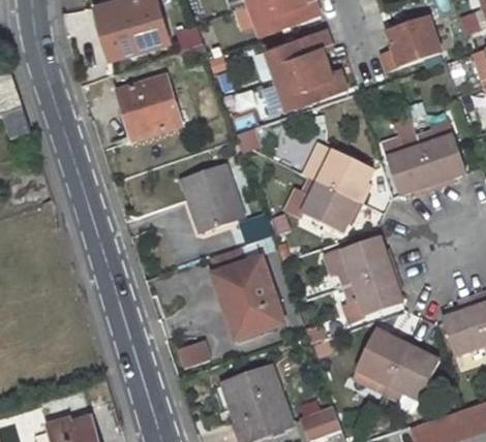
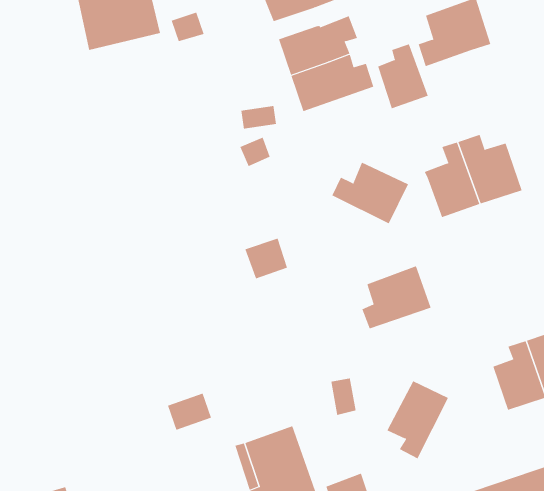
building: none -> [377,44,428,109]
building: [115,75,178,138] -> none
building: [184,166,240,228] -> none
building: [301,177,356,231] -> none
building: [211,249,282,340] -> none
building: [339,270,402,317] -> none
building: [379,344,438,402] -> none

